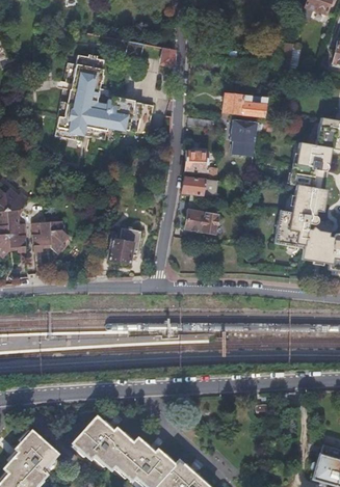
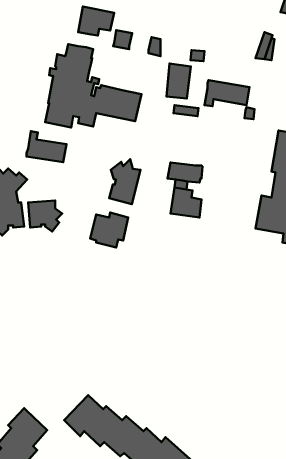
building: none -> [78,7,114,36]
building: [232,119,257,156] -> [167,64,191,99]
building: none -> [27,131,66,162]
building: [186,152,209,172] -> none
building: none -> [109,159,140,204]

